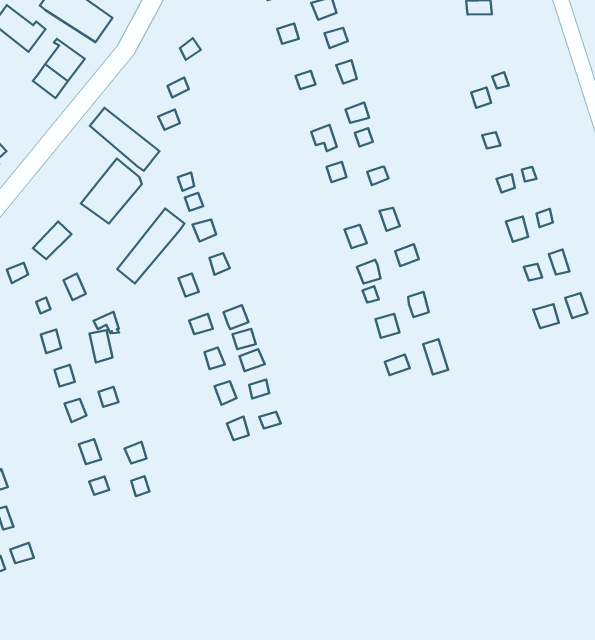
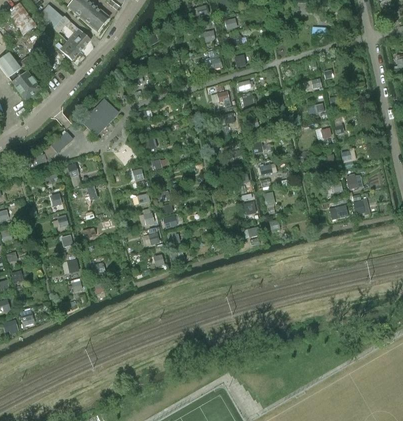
building: [90,108,160,171] -> none
building: [117,208,185,283] -> none

